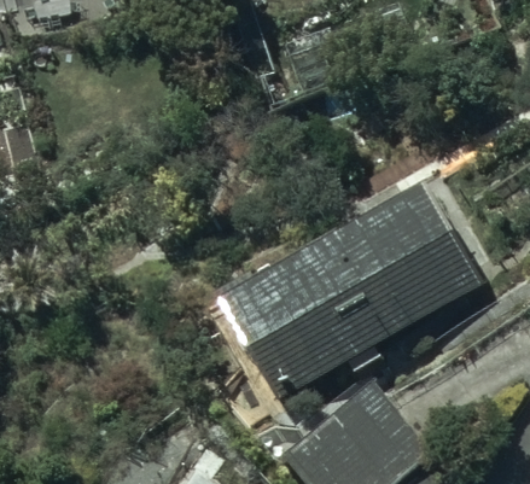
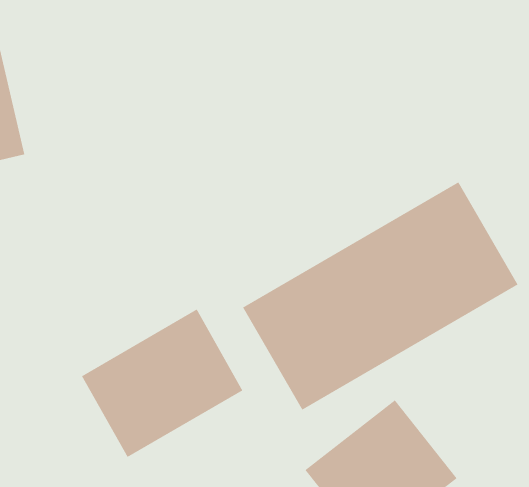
building: none -> [81,309,243,458]

